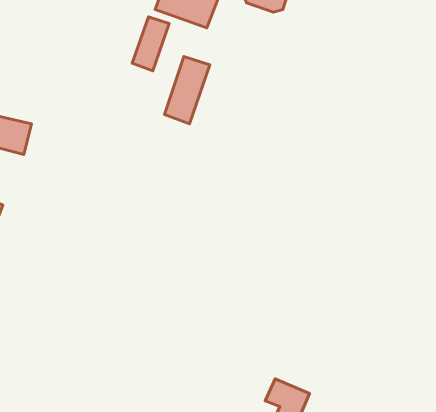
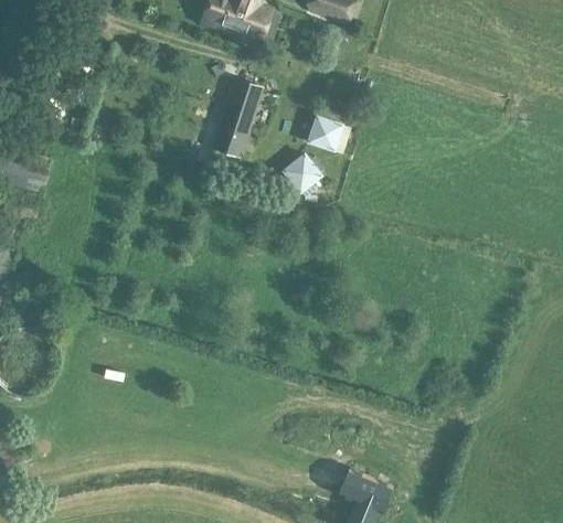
building: [132,17,169,71] -> none
building: none -> [306,115,344,153]
building: none -> [282,152,323,195]

